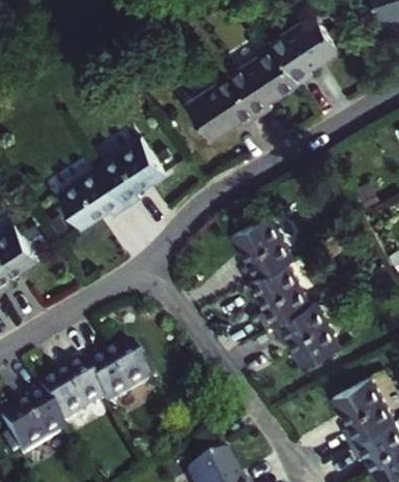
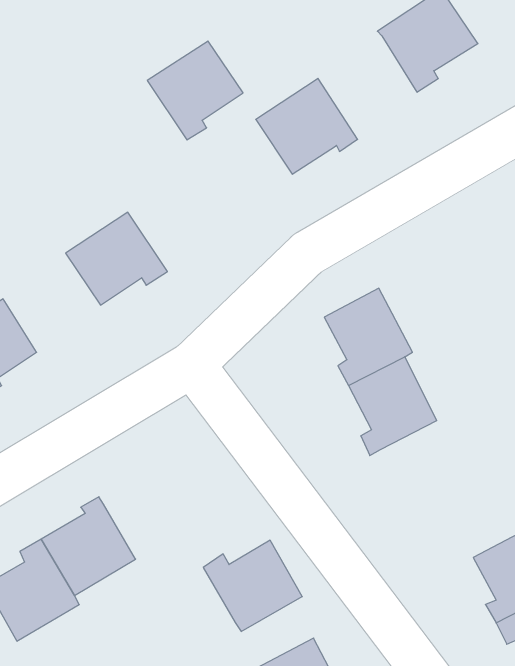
building: [230,46,297,116] -> none
building: [101,139,166,206] -> [147,41,243,140]
building: [273,305,340,367] -> none
building: [84,345,151,408] -> [203,540,302,631]

